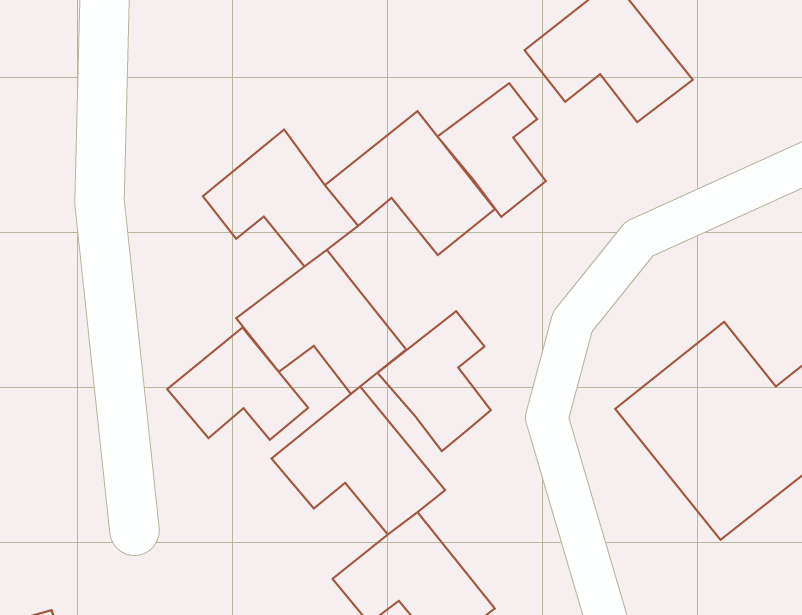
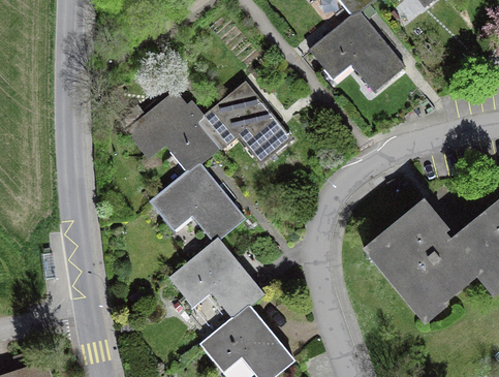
building: [437,83,546,217] -> none
building: [377,311,491,451] -> none
building: [167,328,308,440] -> none

